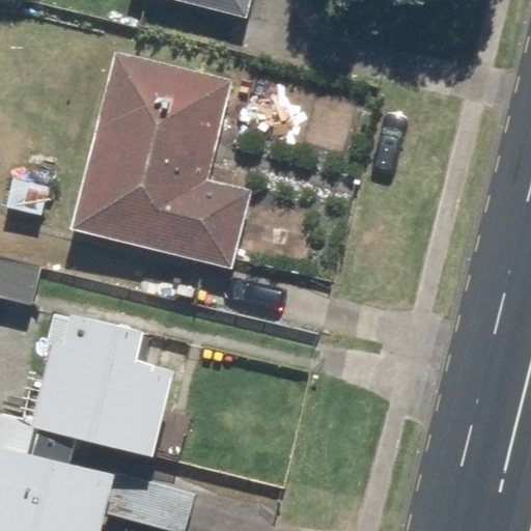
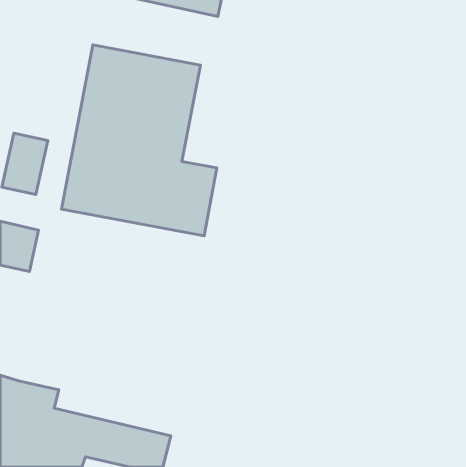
building: [25,318,171,459] -> none

